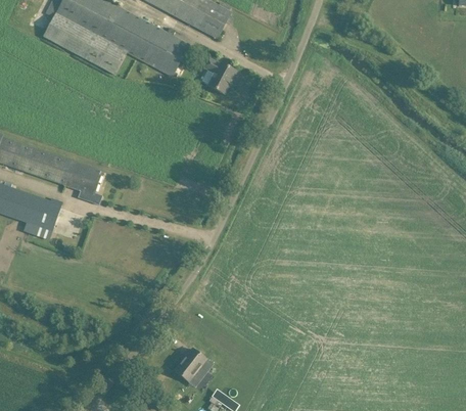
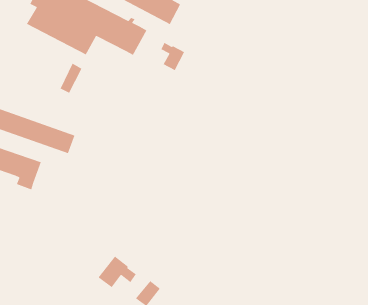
building: none -> [59,62,83,94]
building: none -> [98,256,137,288]

